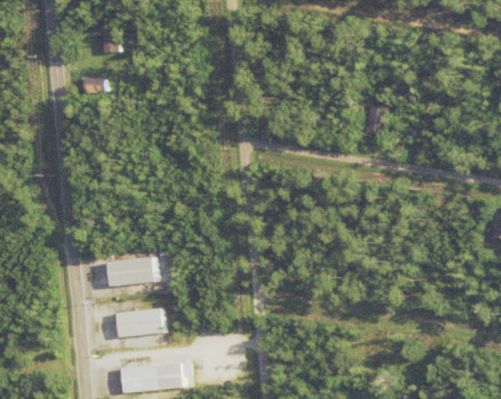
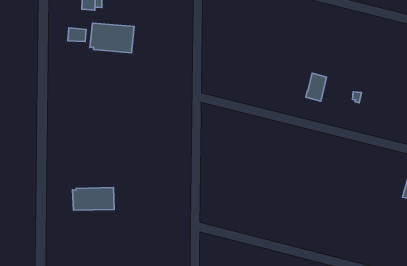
building: none -> [90,23,134,53]
building: [114,308,163,337] -> none

